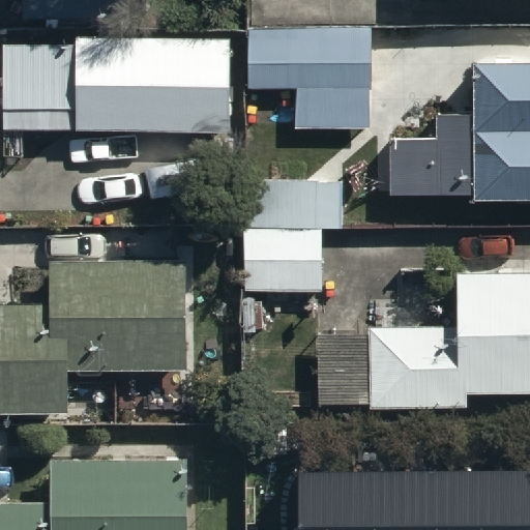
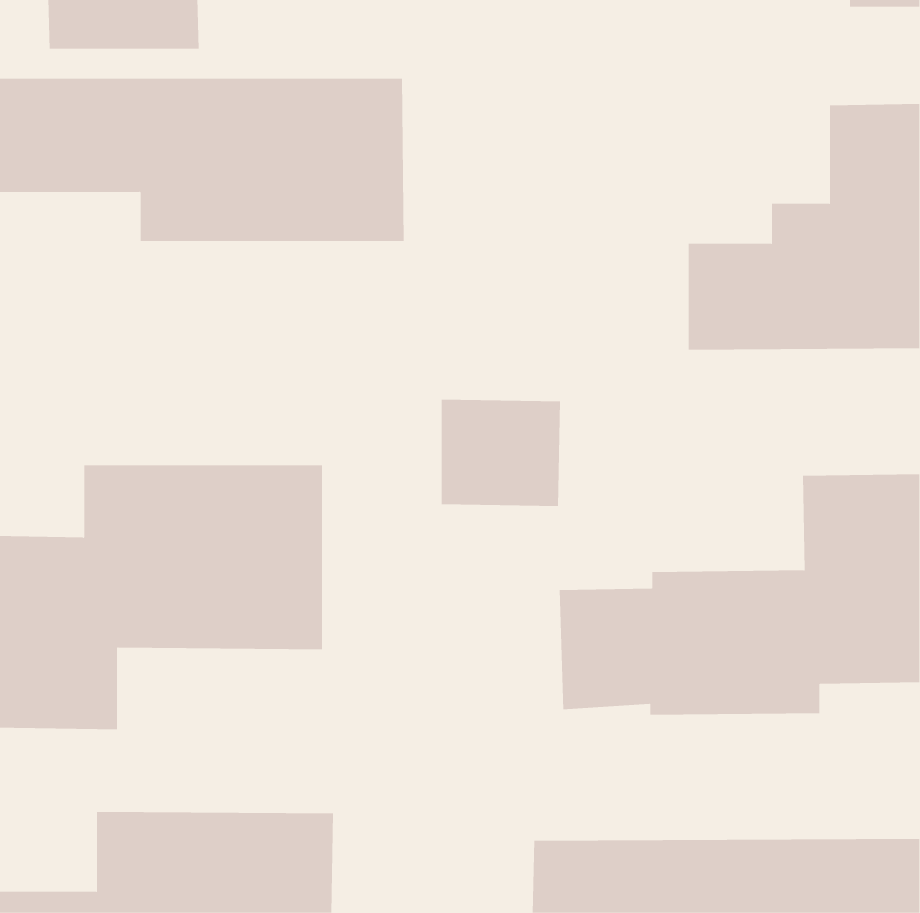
building: [252,24,367,127] -> none

